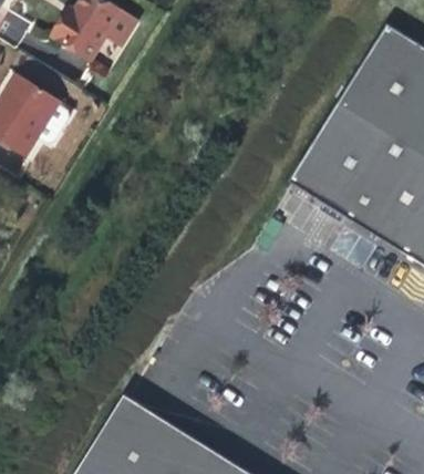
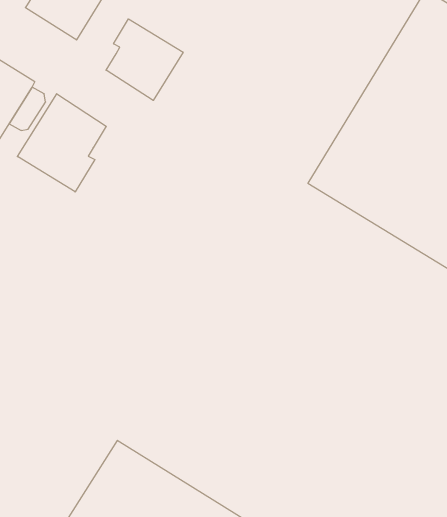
building: none -> [106,19,183,100]
building: none -> [17,94,106,192]

